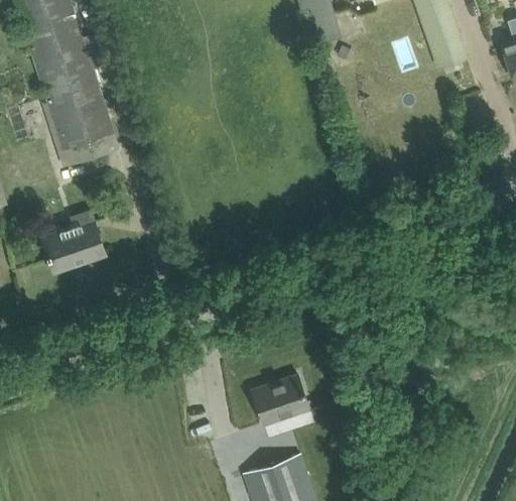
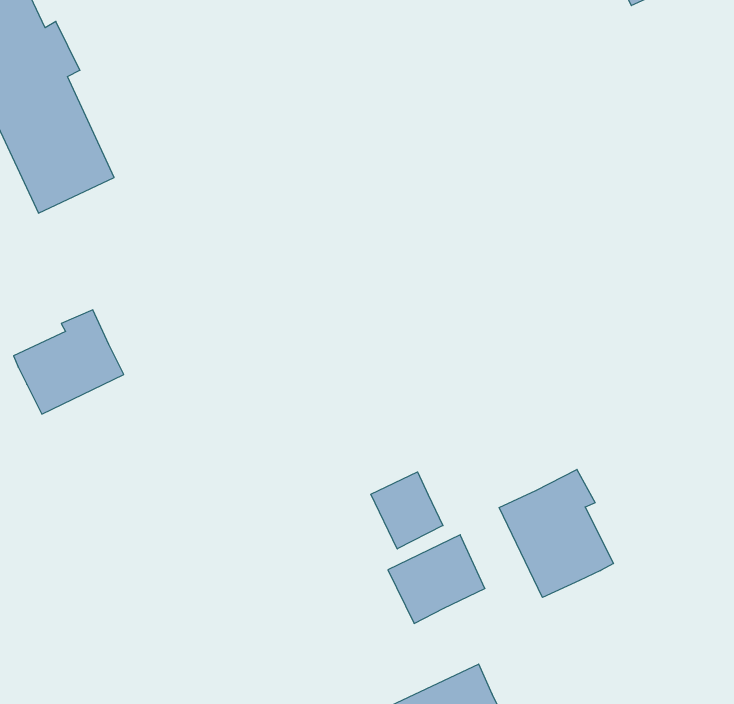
building: none -> [371,472,443,549]
building: none -> [499,469,613,597]

